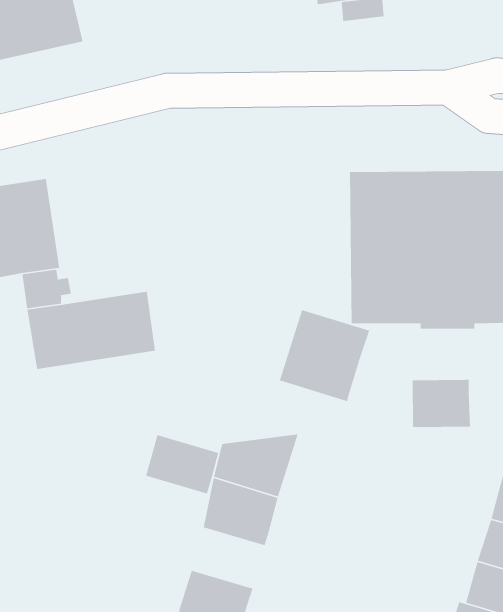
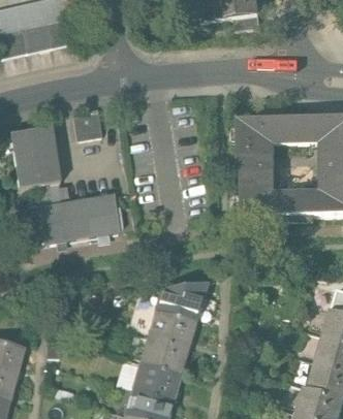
building: none -> [72,110,102,138]
building: [279,309,370,402] -> none
building: [412,379,471,428] -> none
building: [145,434,219,495] -> [139,339,185,376]

